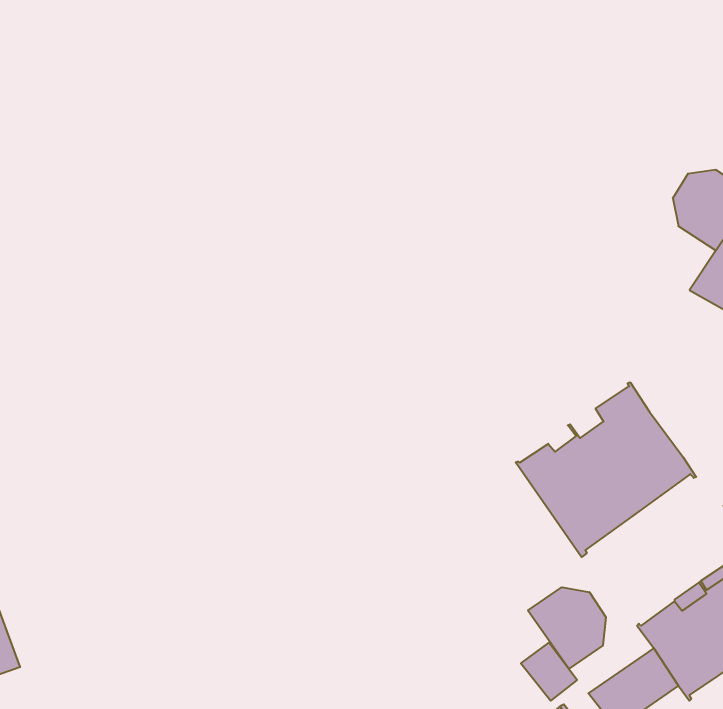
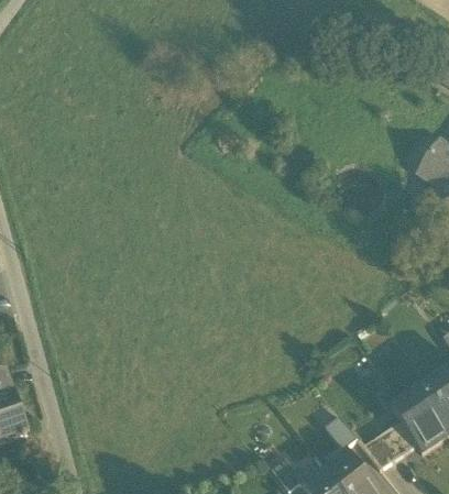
building: [516,382,696,557] -> none
building: [528,587,606,669] -> none

